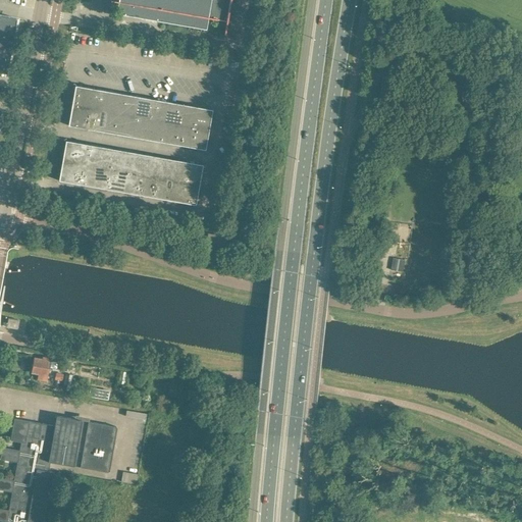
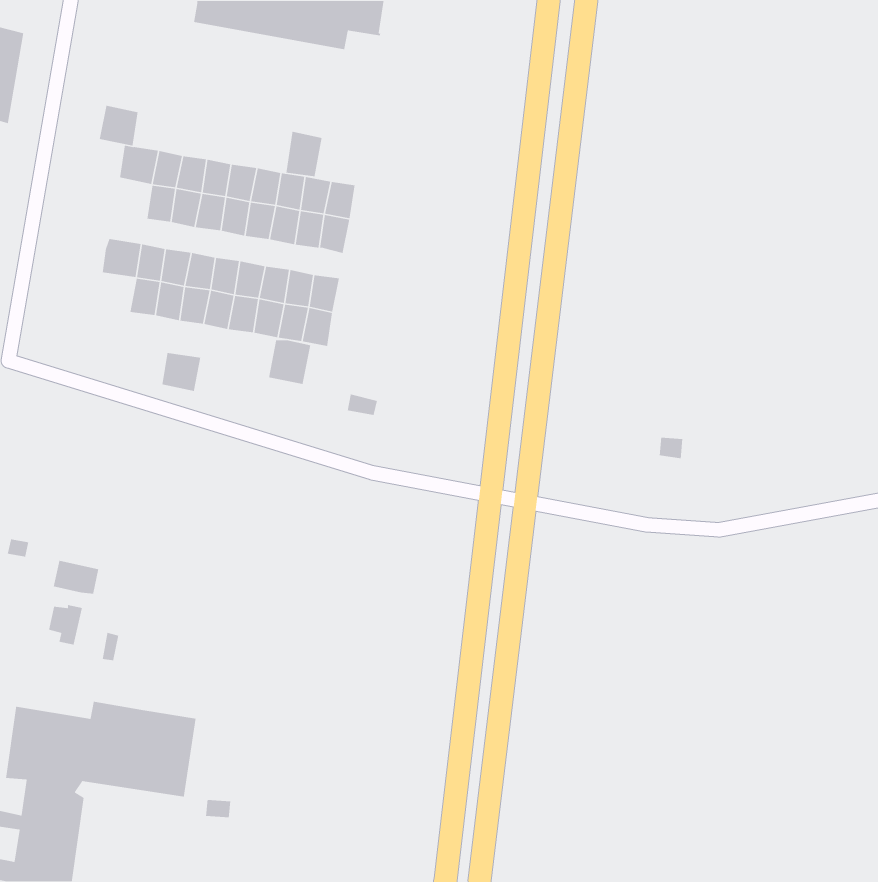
building: none -> [285,131,322,177]
building: [66,105,90,129] -> [99,105,139,146]
building: [57,161,81,185] -> [162,352,201,392]
building: none -> [268,340,311,385]
building: none -> [53,560,99,595]

